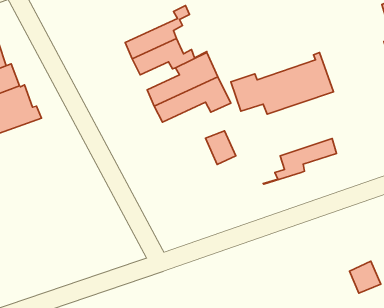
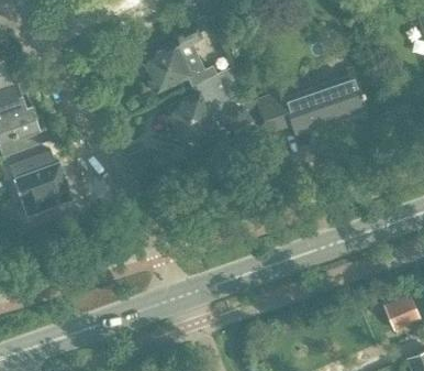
building: none -> [10,150,75,215]
building: [205,131,236,165] -> none
building: [263,139,336,184] -> none

